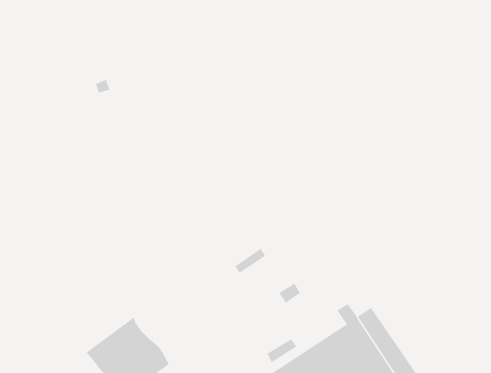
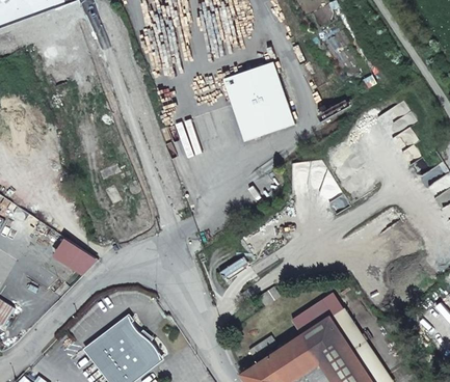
building: none -> [223,60,294,140]
building: none -> [56,238,99,273]

